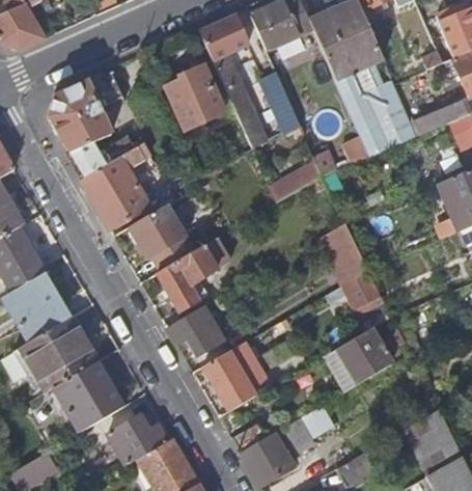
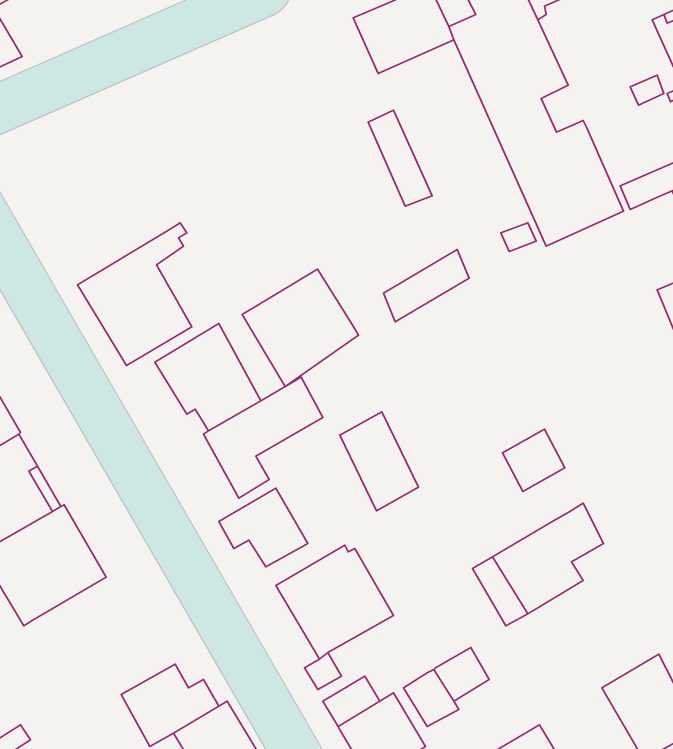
building: [200,17,267,148] -> none
building: [166,64,222,128] -> none
building: [50,72,135,181] -> none
building: none -> [242,269,359,386]
building: [320,223,368,284] -> [340,412,419,511]
building: [52,361,123,433] -> none

